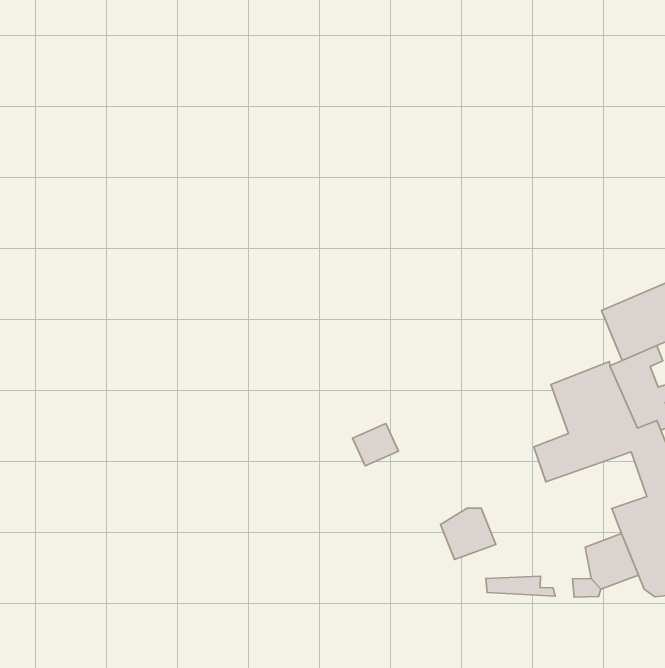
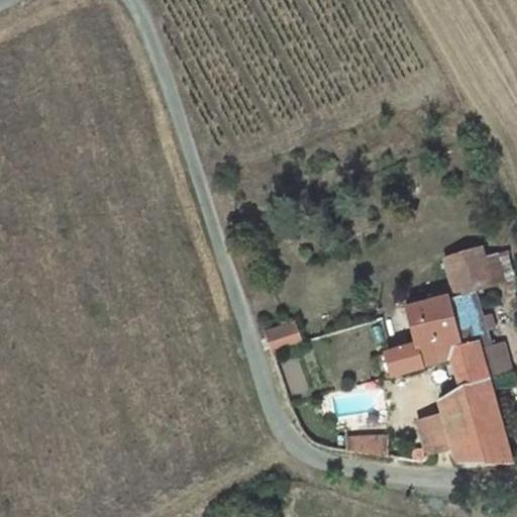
building: [441,508,496,560] -> none

